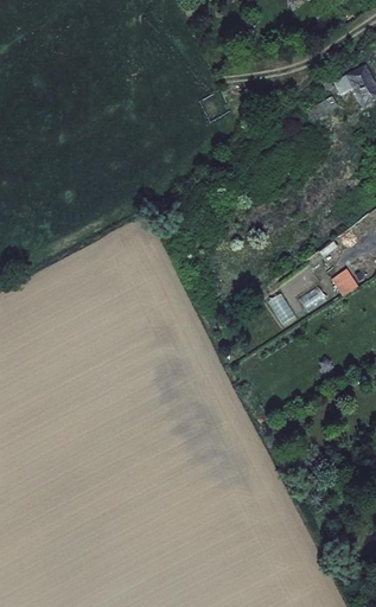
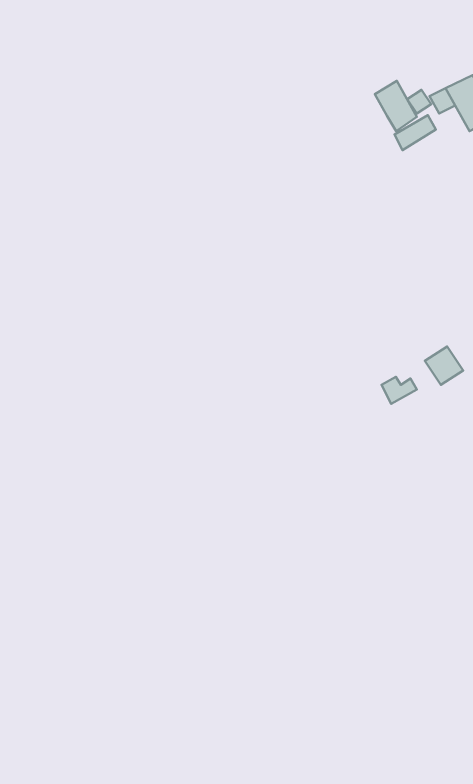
building: none -> [375,81,417,131]

